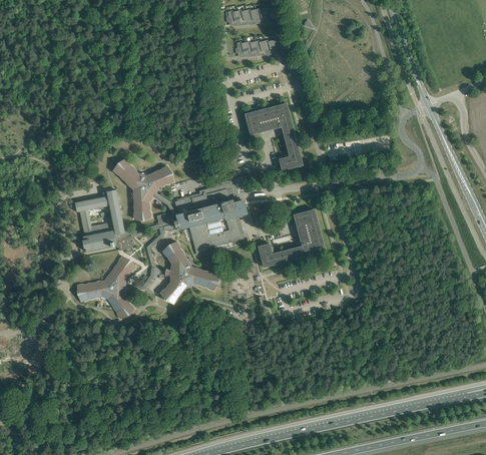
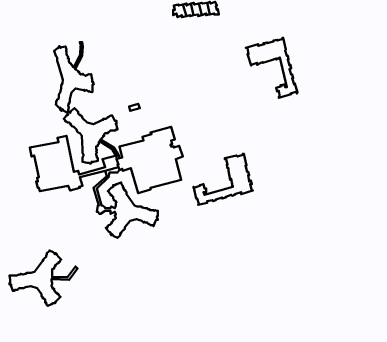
building: none -> [54,42,94,113]
building: [244,102,302,169] -> [246,38,298,98]
building: [76,256,152,318] -> [9,251,77,306]

